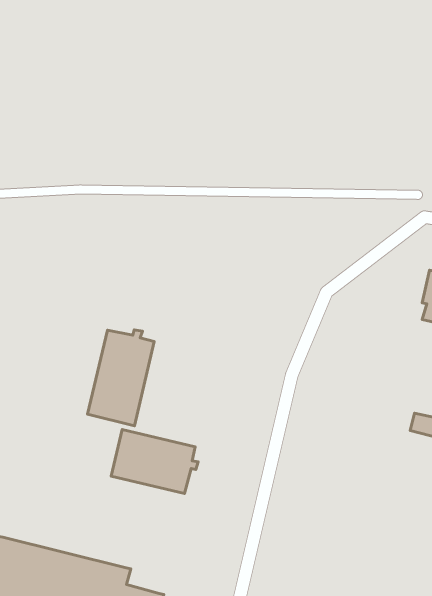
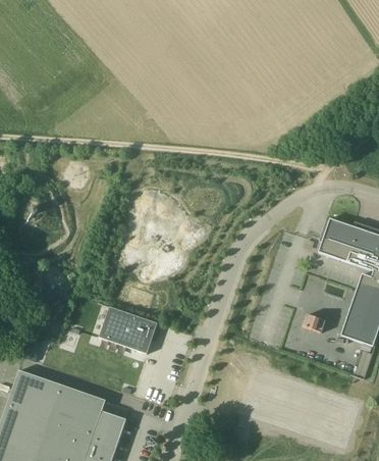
building: [88,330,154,426] -> none

